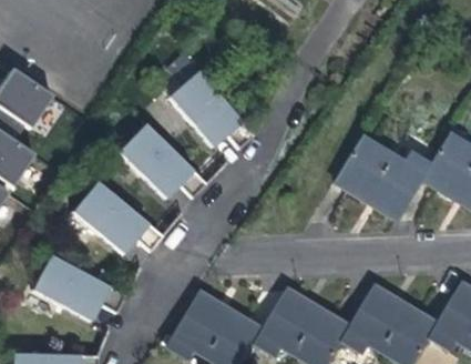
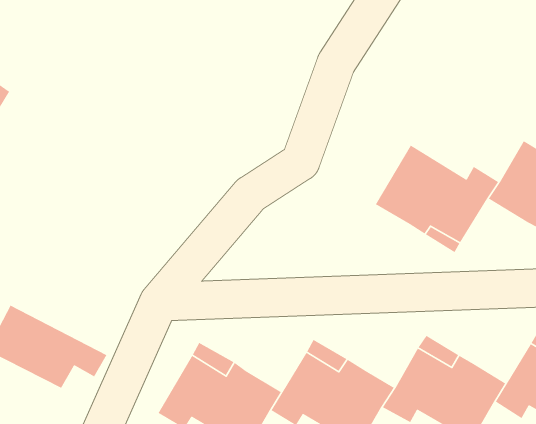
building: [170,71,255,150] -> none
building: [119,124,207,201] -> none
building: [74,183,164,254] -> none

